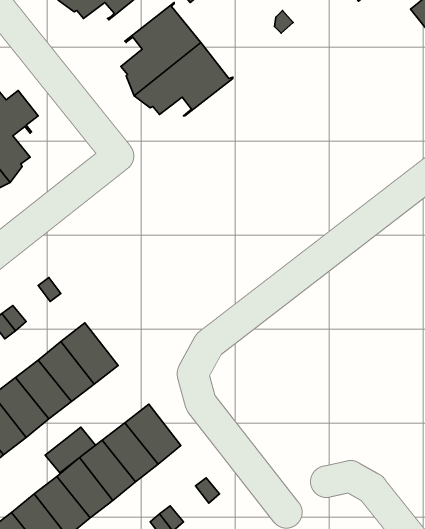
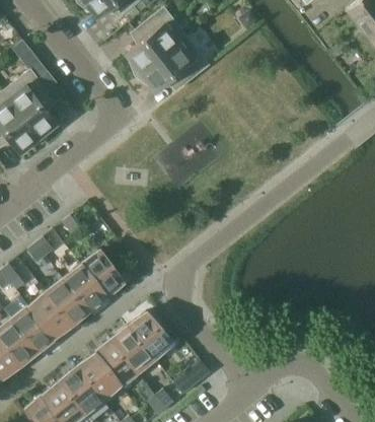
building: [45,427,96,473] -> none

